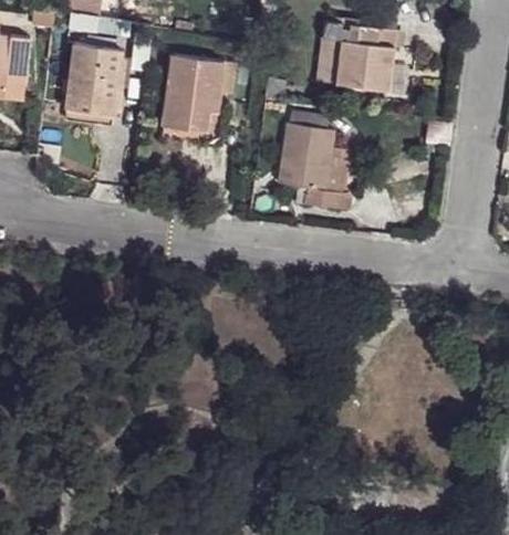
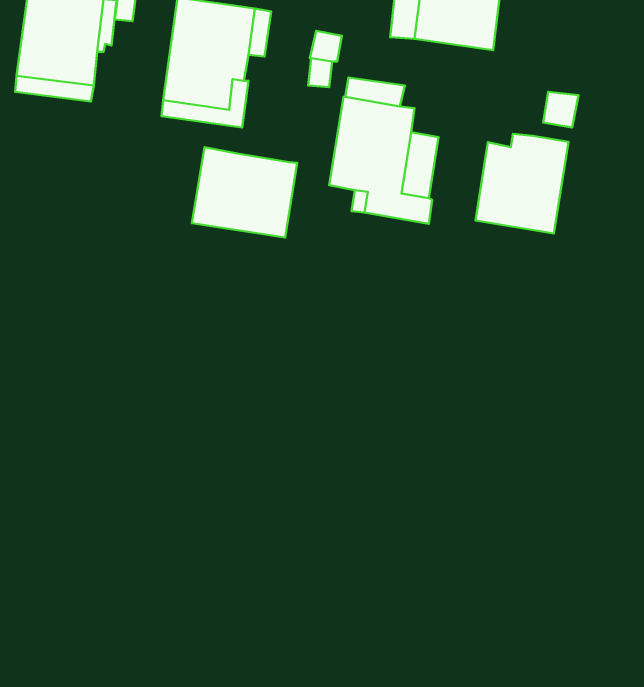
building: none -> [475,134,568,233]
building: none -> [192,147,297,237]

